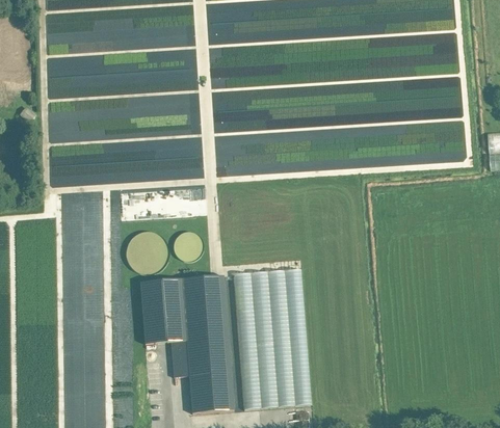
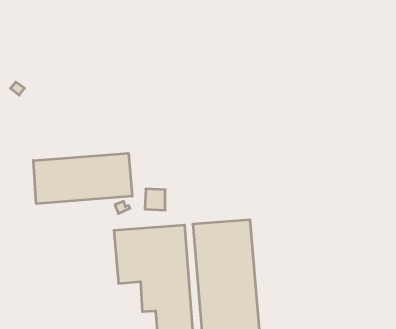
building: none -> [33,153,132,204]

